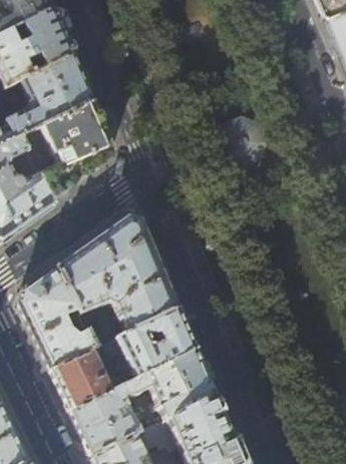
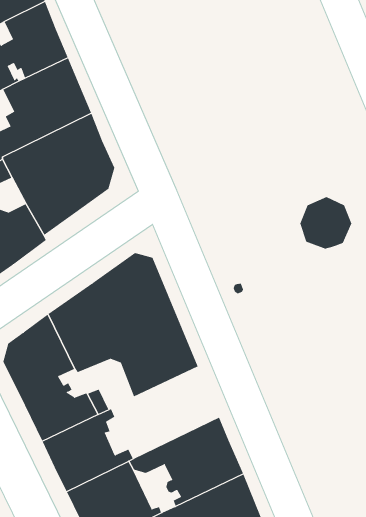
building: [223,120,266,163] -> [300,196,352,249]
building: [117,309,196,384] -> none

